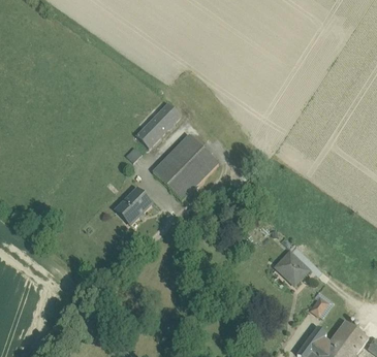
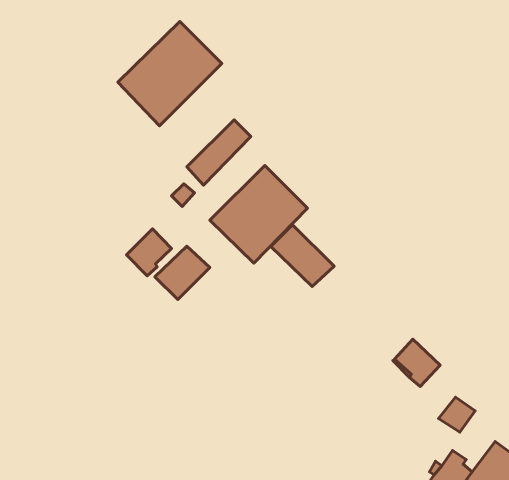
building: none -> [118,22,222,126]
building: none -> [271,225,334,286]
building: none -> [126,229,172,276]

